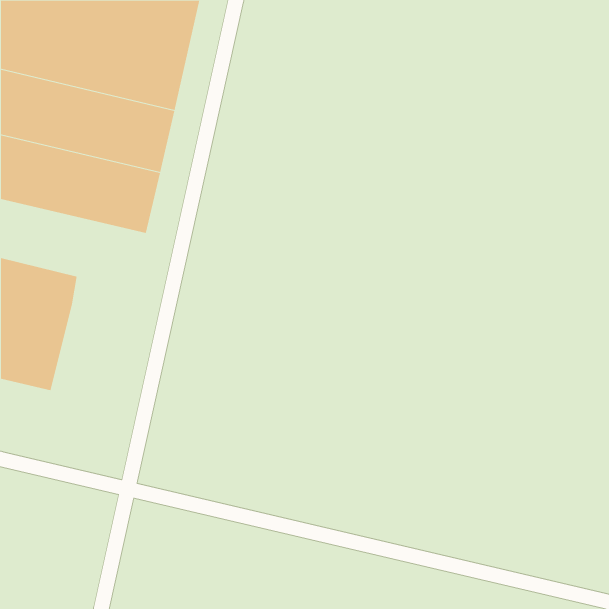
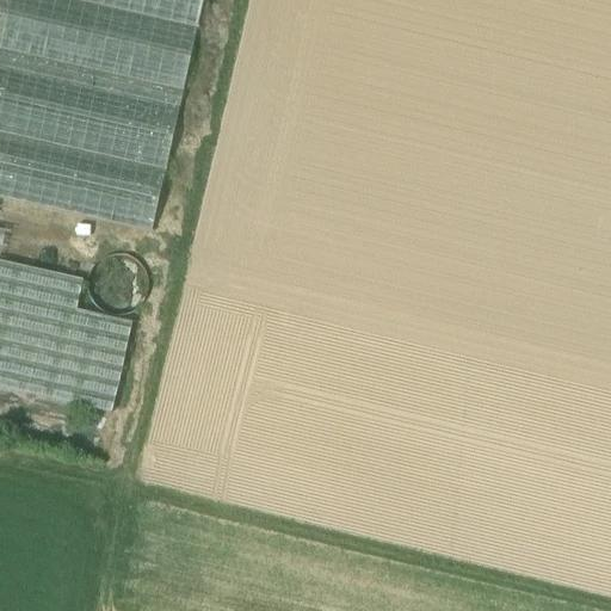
building: none -> [51,304,117,402]

